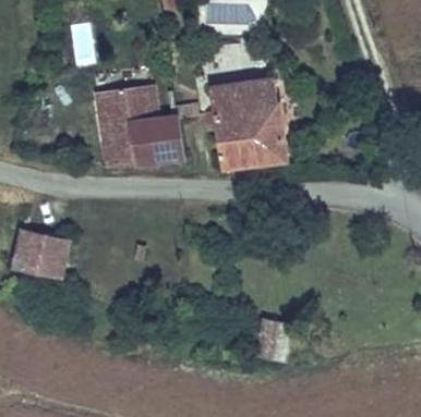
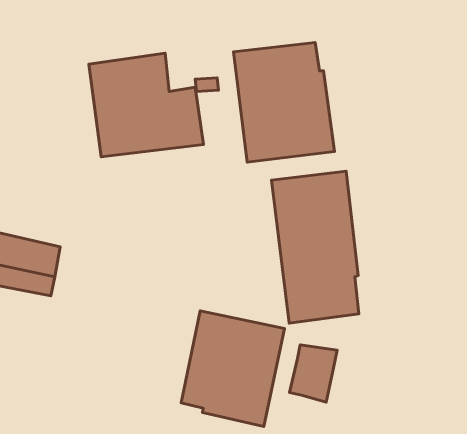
building: none -> [272,171,359,323]
building: none -> [181,311,284,427]

